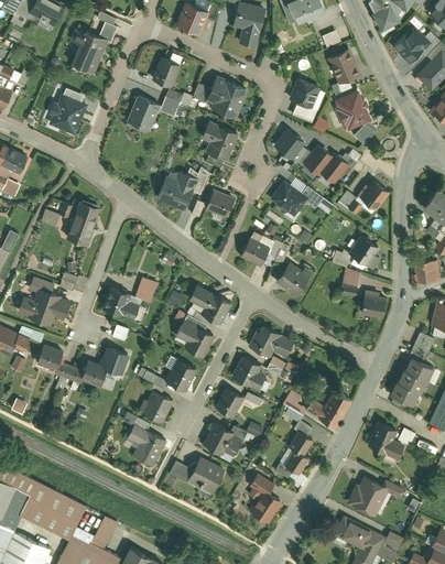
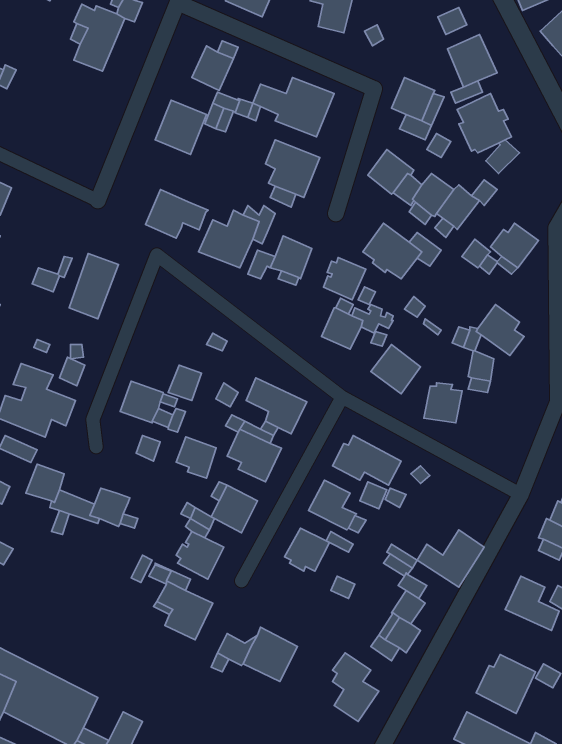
building: [48,94,87,134] -> none
building: none -> [145,190,208,238]
building: none -> [324,258,366,300]
building: [360,291,387,318] -> [424,383,462,423]
building: [99,347,127,376] -> [176,437,216,478]
building: [203,423,240,458] -> none

